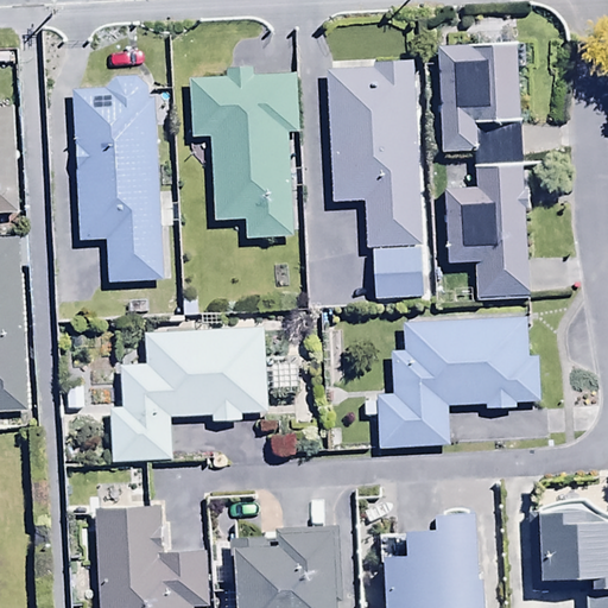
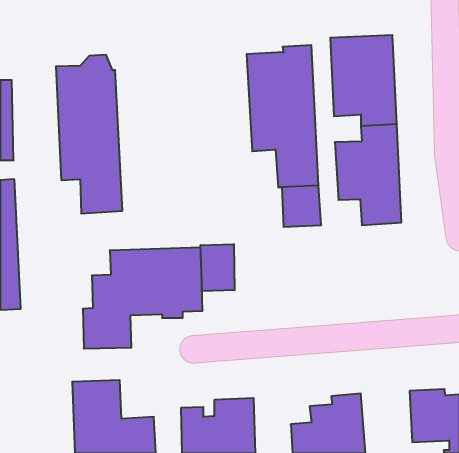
building: [190,65,298,239] -> none
building: [367,318,540,445] -> none
building: none -> [201,244,235,291]

